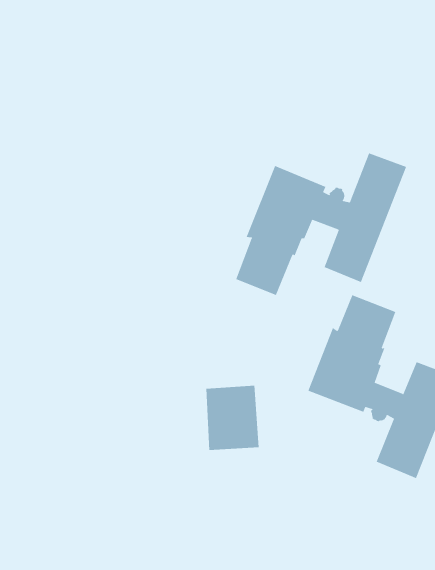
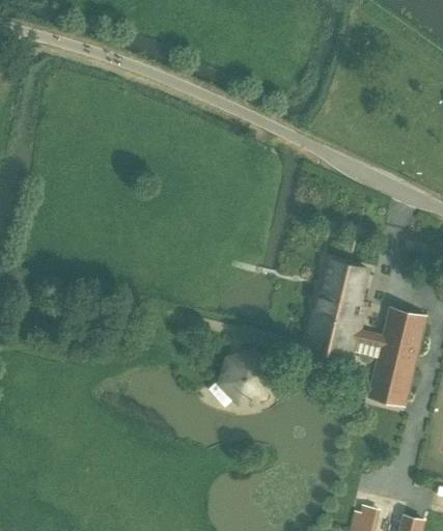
building: [236,152,407,296] -> none

